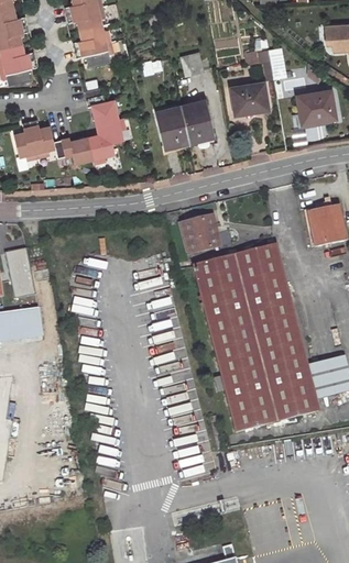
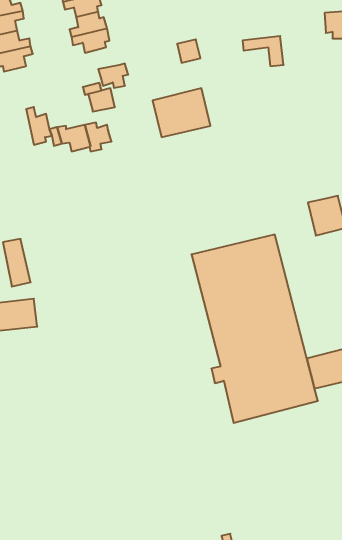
building: [230,82,268,112] -> none
building: [296,90,335,124] -> none
building: [96,118,126,142] -> [98,64,128,88]
building: [14,121,37,158] -> none
building: [183,216,219,253] -> none

